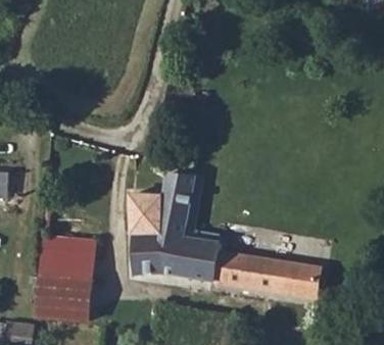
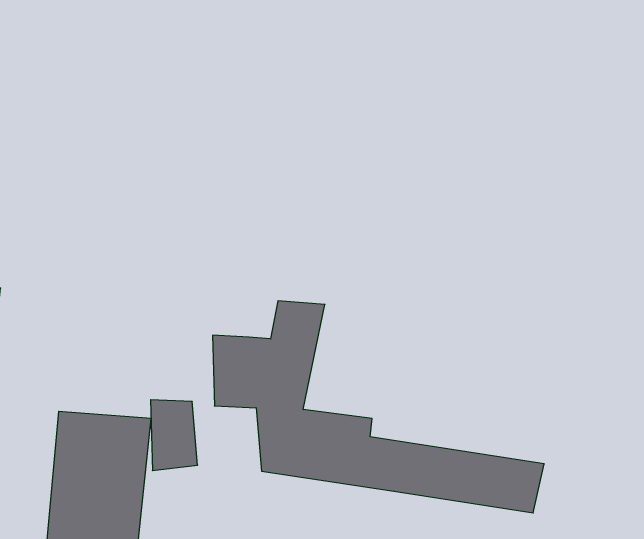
building: [130,235,156,275] -> [151,400,198,471]

